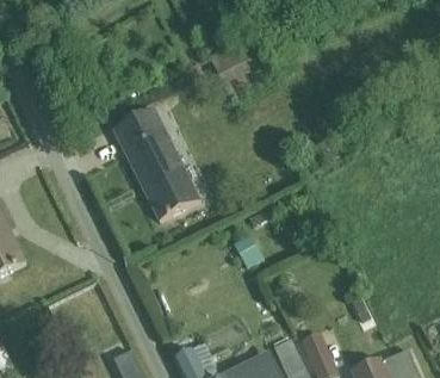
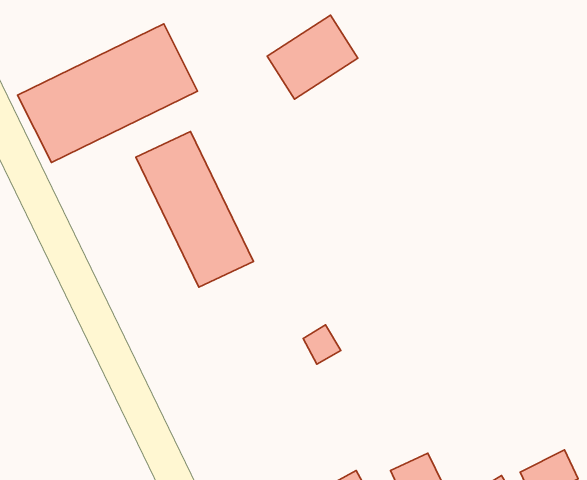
building: none -> [18,24,198,162]

